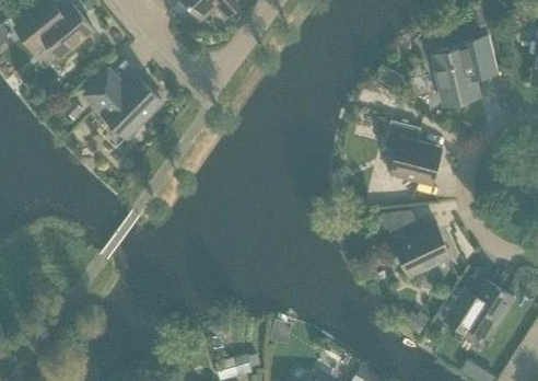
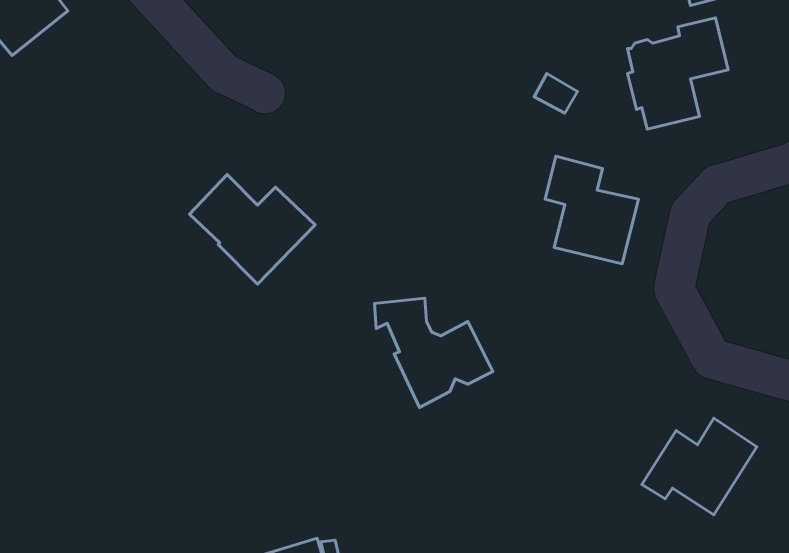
building: [85,71,162,138] -> [189,175,315,284]
building: [381,211,453,278] -> [374,298,493,408]

